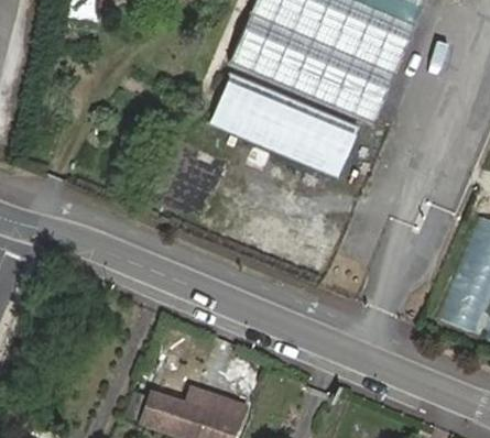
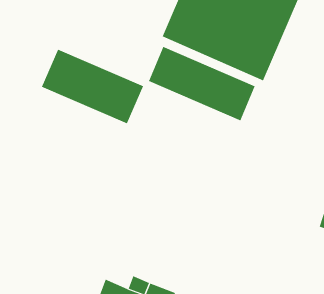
building: none -> [41,49,144,124]

